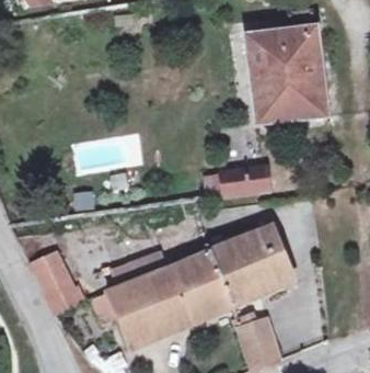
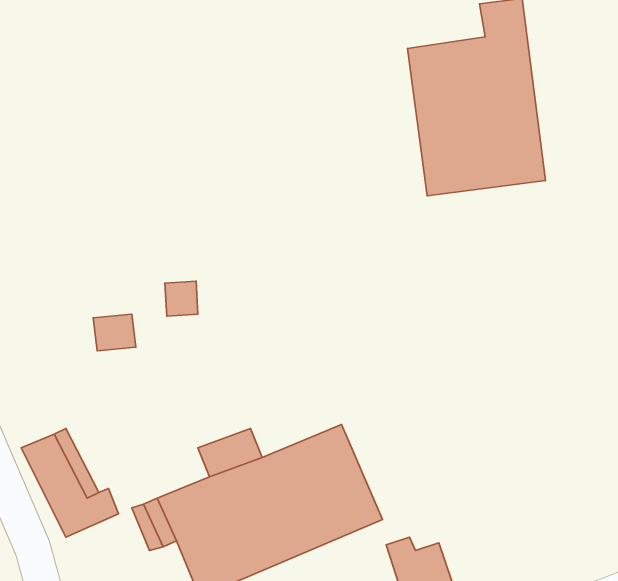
building: [221,167,270,196] -> none
building: [206,226,289,304] -> none

